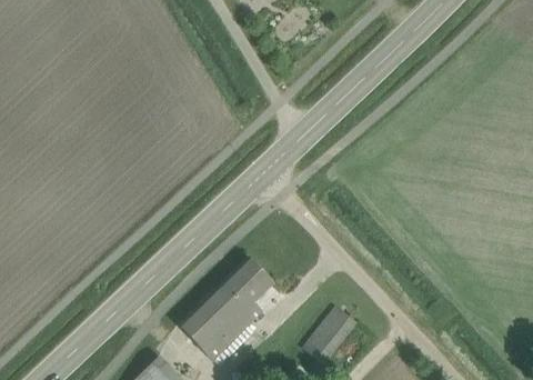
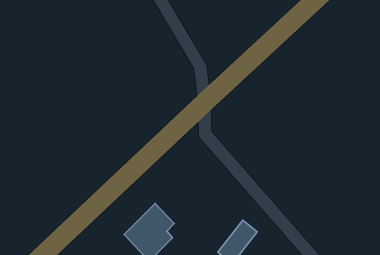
building: [221,256,275,329] -> none

